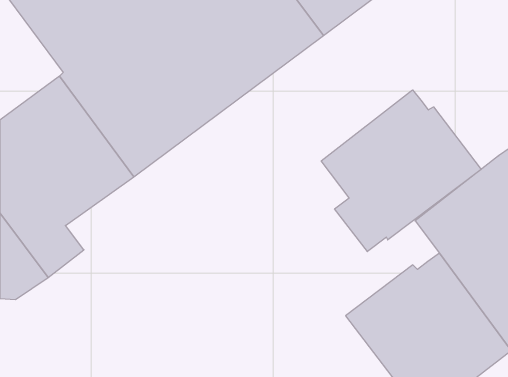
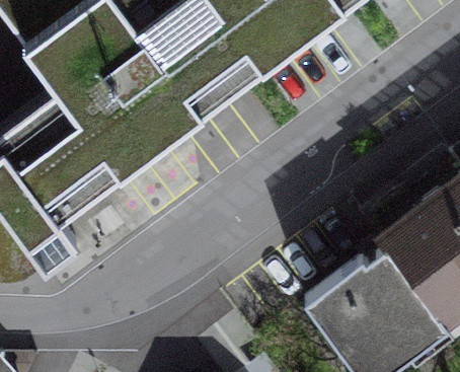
building: [321,90,481,252] -> none

